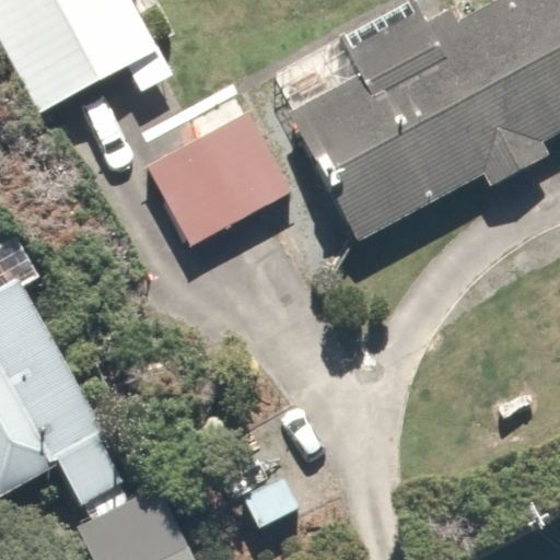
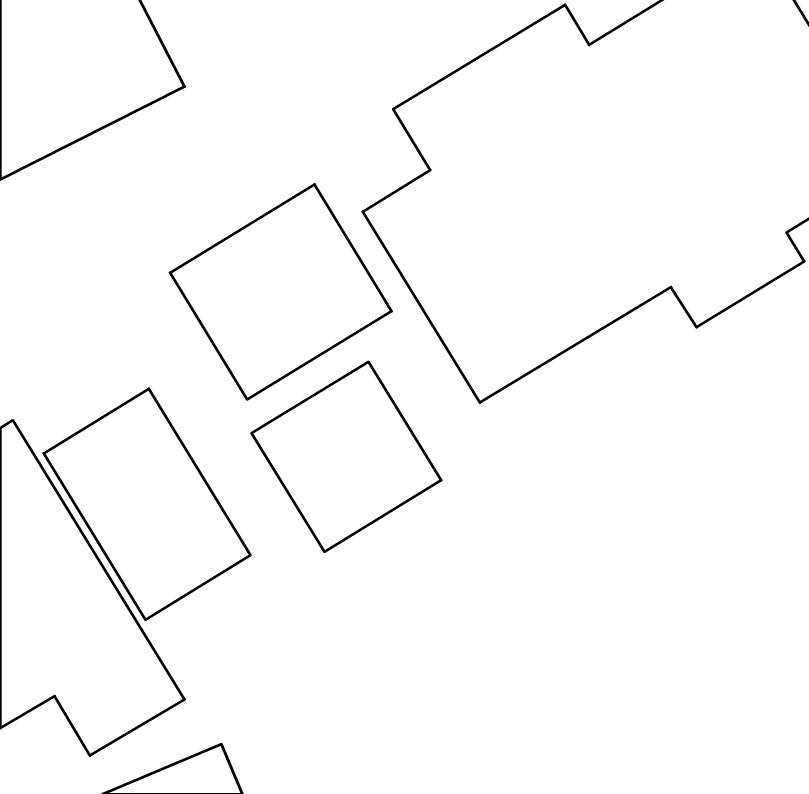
building: none -> [252,362,441,552]
building: none -> [44,389,250,620]

